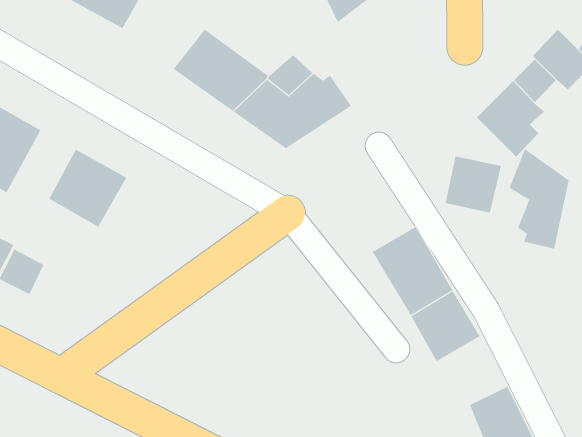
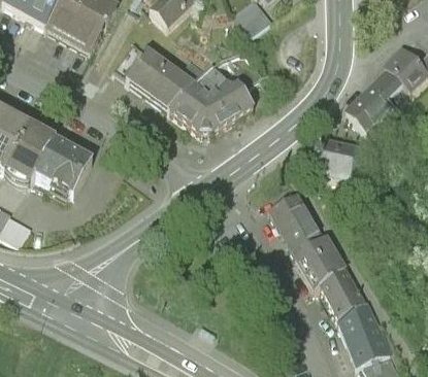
building: none -> [5,119,55,178]
building: [509,148,569,249] -> none
building: none -> [320,268,366,317]

